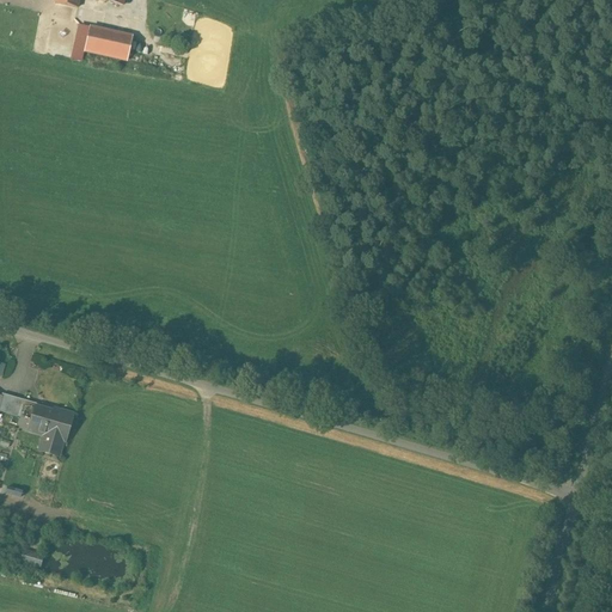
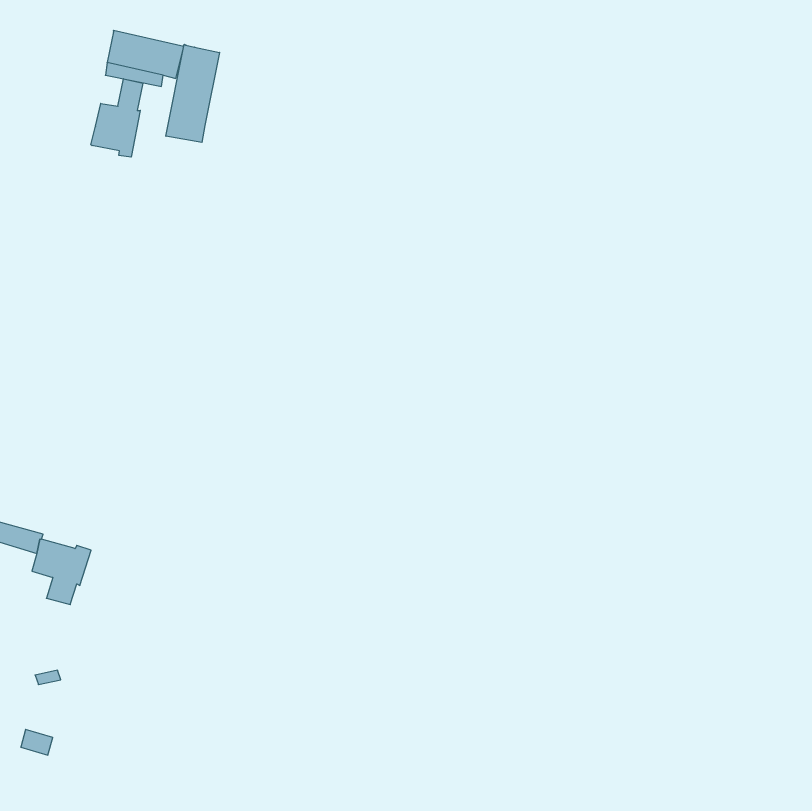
building: none -> [166,44,220,142]
building: none -> [91,79,143,157]

